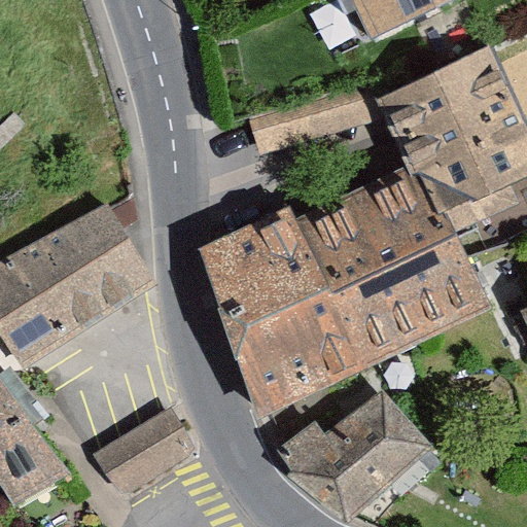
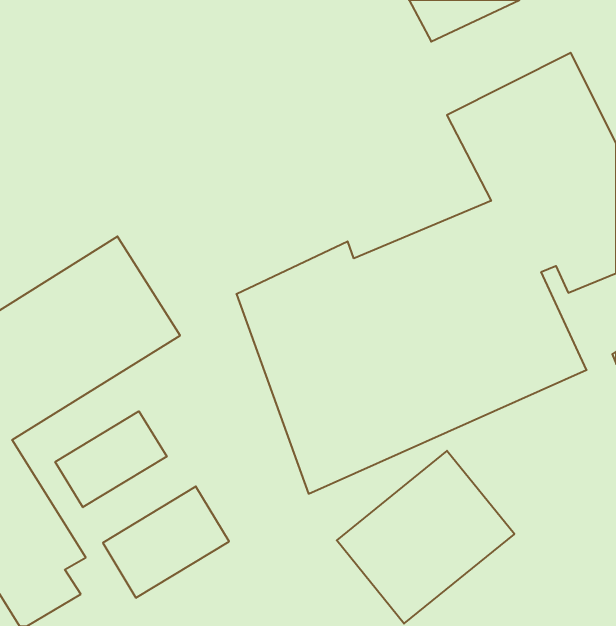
building: none -> [55,411,167,507]

